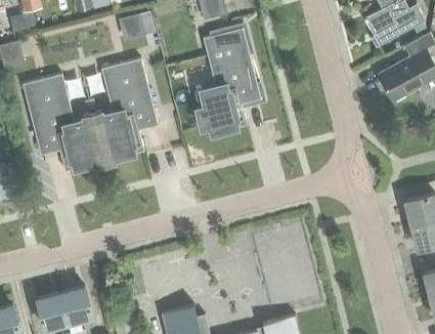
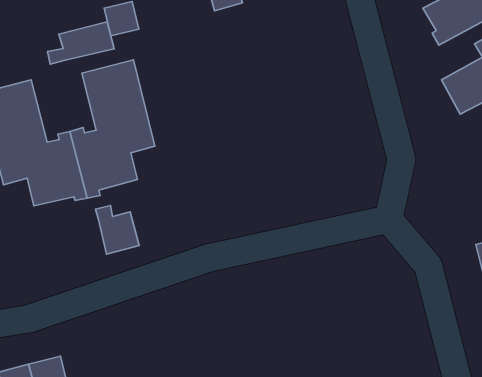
building: [193,28,260,135] -> none
building: none -> [47,22,114,64]
building: none -> [95,206,139,254]

